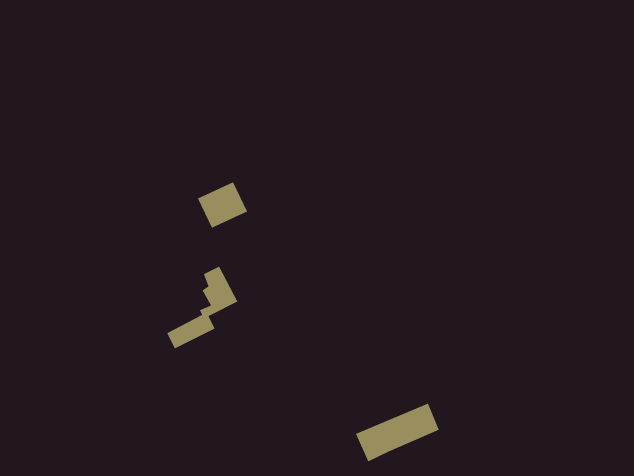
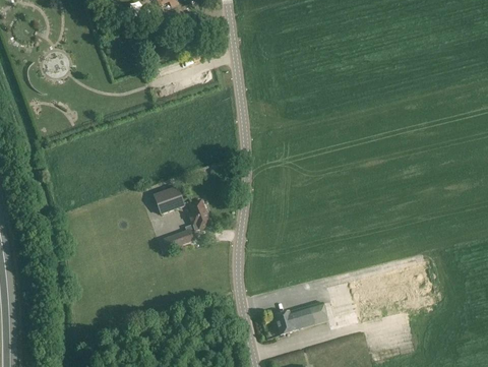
building: [197,181,248,229] -> [152,186,184,215]

